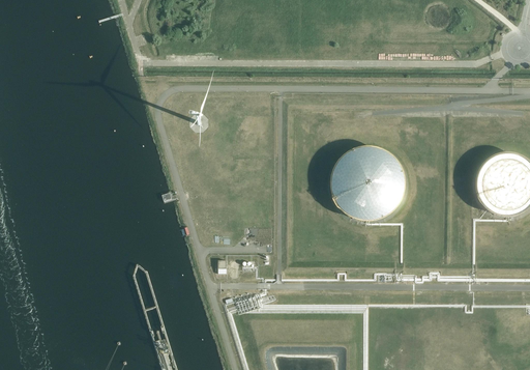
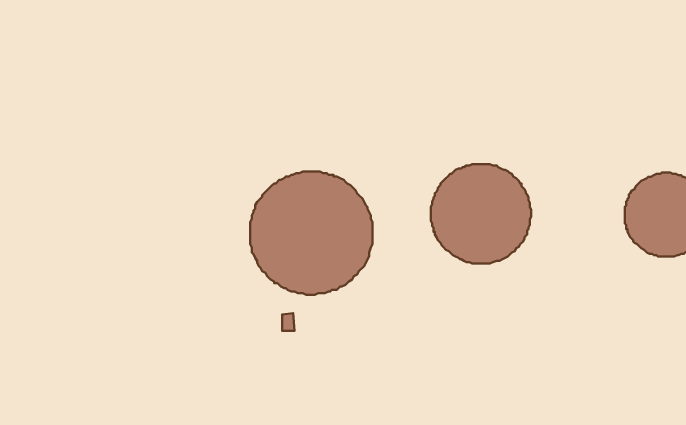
building: none -> [250,172,373,295]

